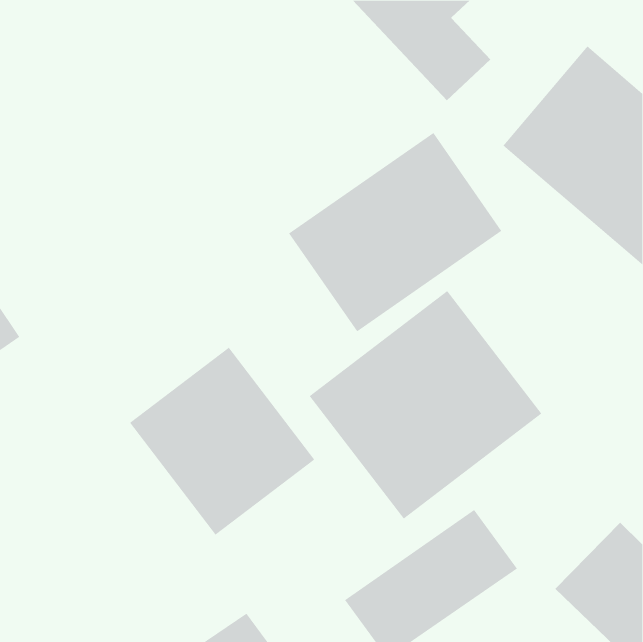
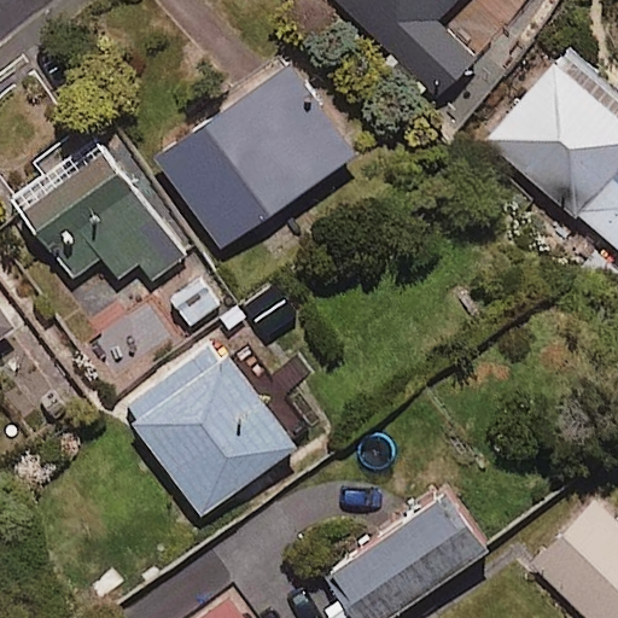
building: [288,132,502,332] -> [157,58,361,249]
building: none -> [27,150,188,279]
building: [309,290,542,520] -> none

